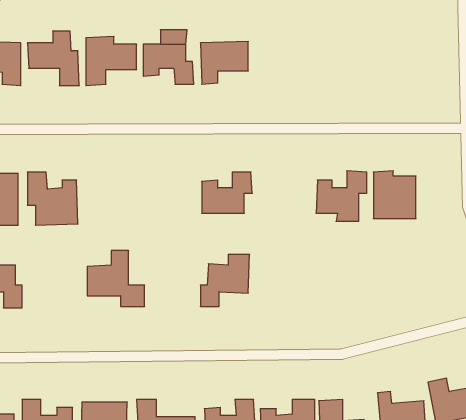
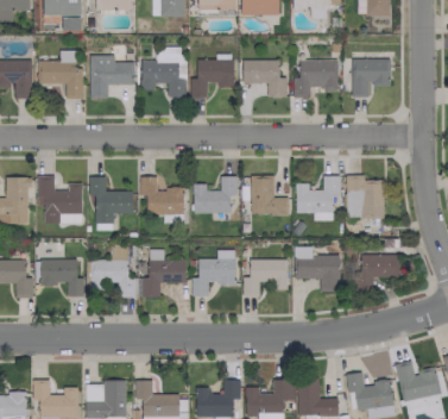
building: none -> [352,58,391,98]
building: none -> [244,60,288,98]
building: none -> [294,60,339,98]
building: none -> [89,176,134,231]
building: none -> [141,176,184,220]
building: none -> [252,176,290,214]
building: none -> [295,246,341,292]
building: none -> [360,254,398,289]
building: none -> [40,259,84,296]
building: none -> [244,259,289,298]
building: none -> [144,261,187,298]

